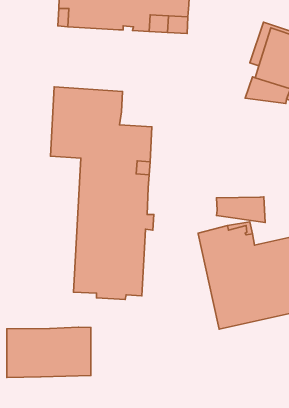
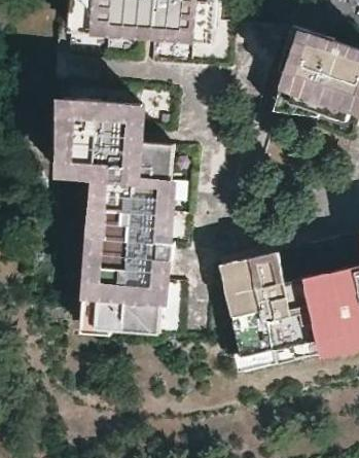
building: [216,197,265,223] -> none
building: [7,327,91,378] -> none

